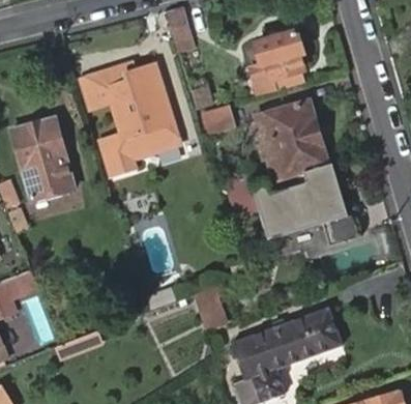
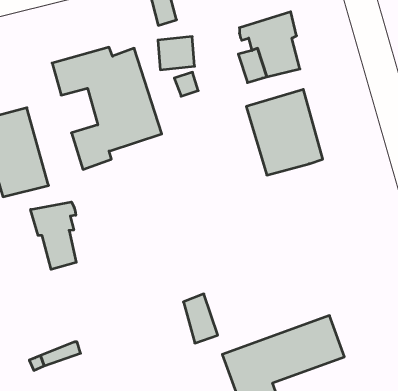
building: [202,106,235,136] -> [158,37,195,70]
building: [223,163,359,246] -> none
building: none -> [31,202,76,269]

